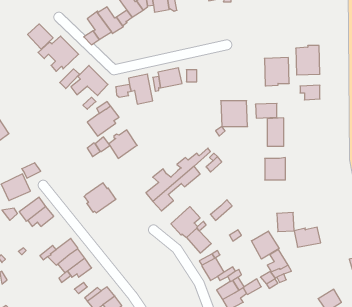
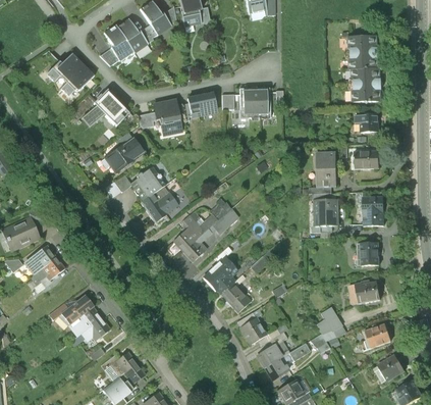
building: [28,24,53,49] -> none
building: [264,58,289,86] -> [348,35,378,68]
building: [221,101,248,127] -> [238,86,270,116]
building: [255,103,277,118] -> [354,150,379,167]
building: none -> [363,196,383,224]
building: [84,183,116,213] -> [139,185,176,220]
building: [277,213,294,232] -> [358,242,378,264]
building: [251,231,279,259] -> none
building: none -> [365,323,390,349]

